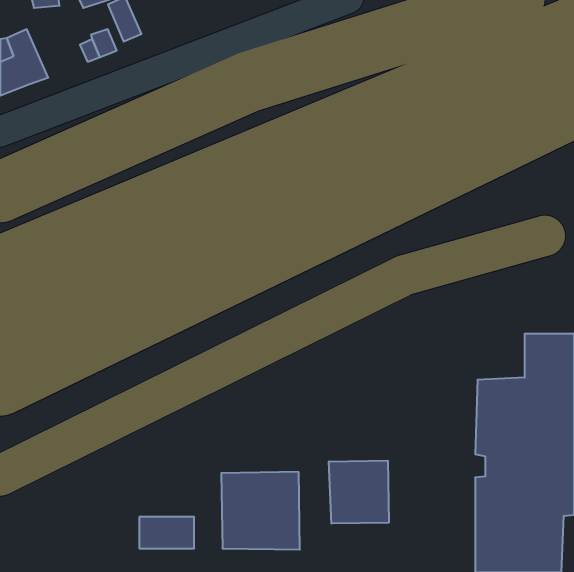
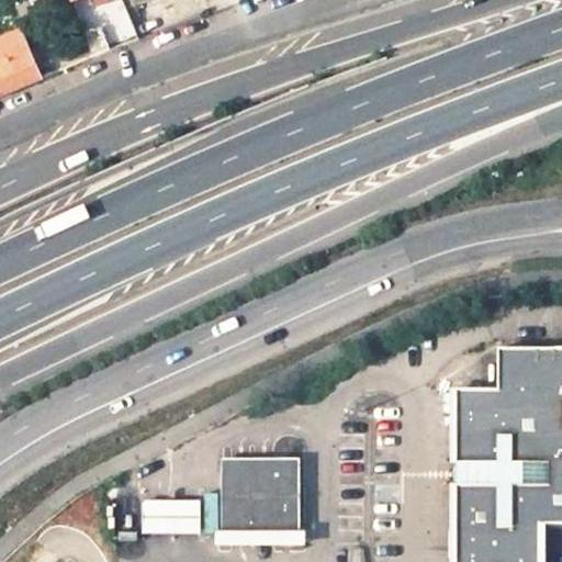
building: [329,461,389,524] -> none

